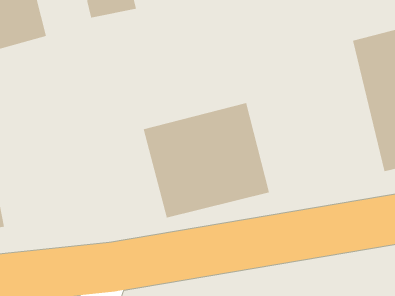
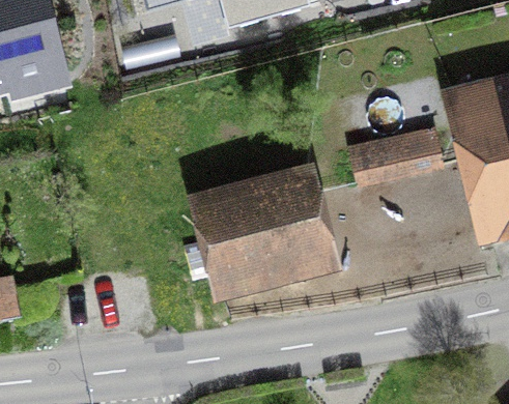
building: none -> [346,124,445,187]

